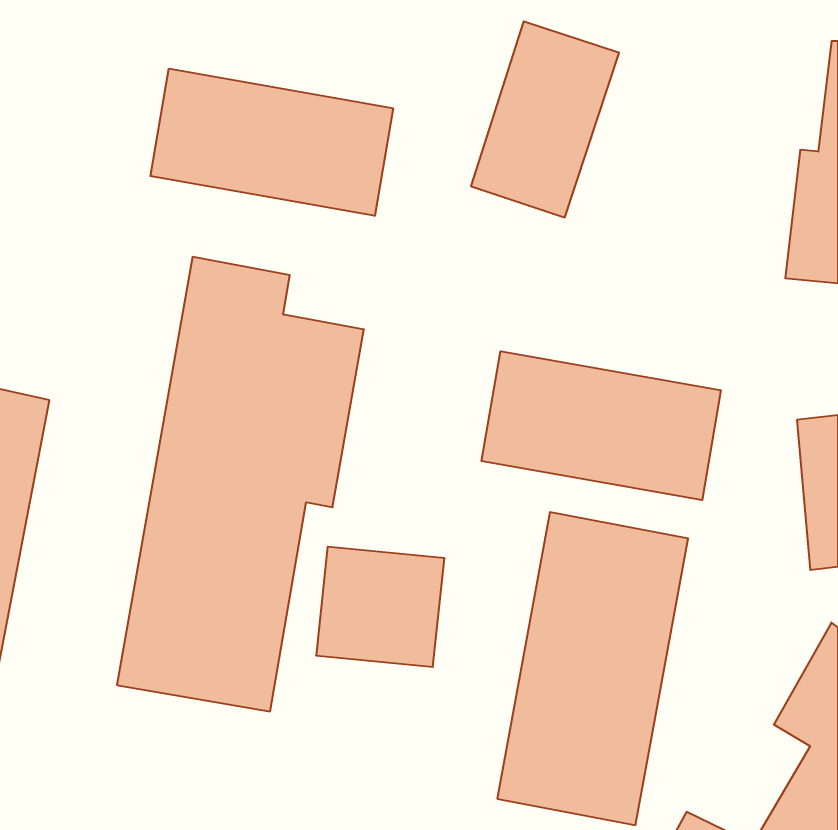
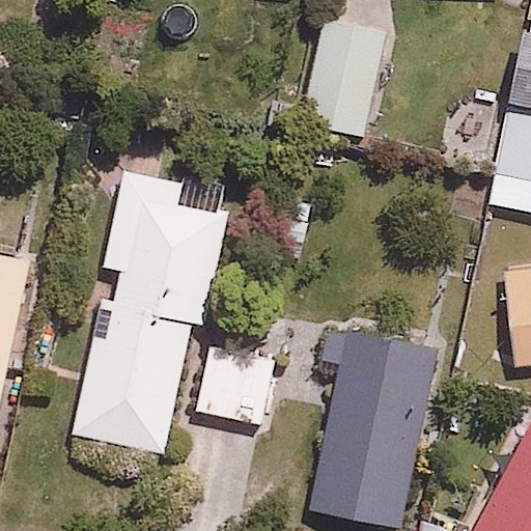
building: [151,69,393,216] -> none
building: [482,351,721,500] -> none

